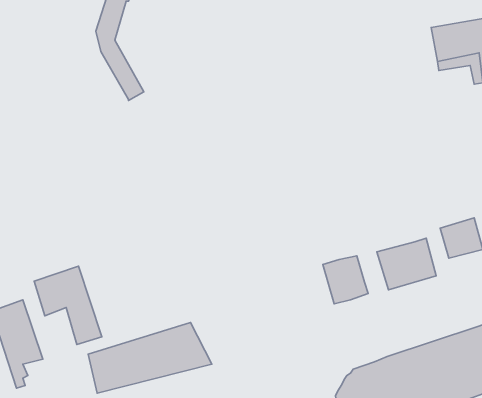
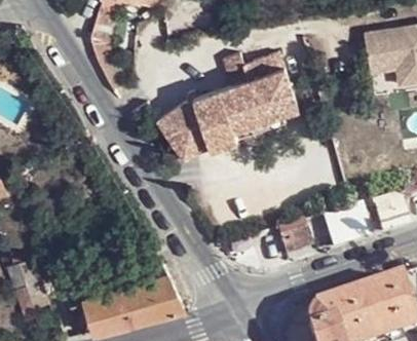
building: none -> [162,51,303,156]
building: [34,266,102,345] -> none

